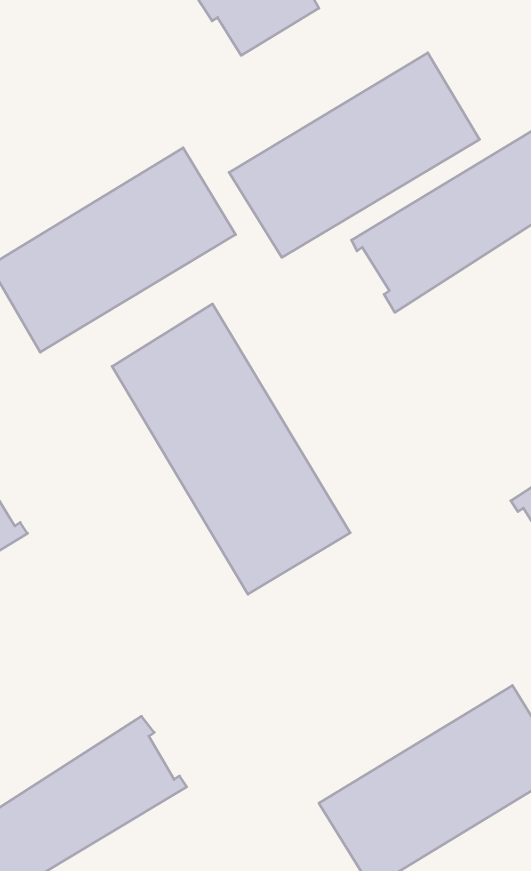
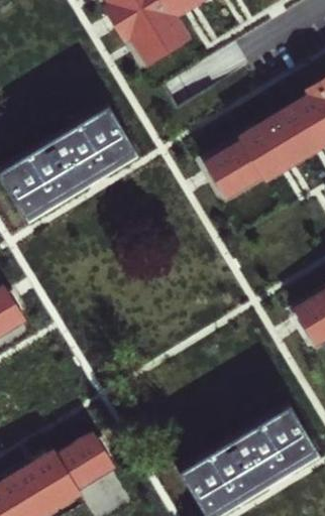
building: [229,53,480,257] -> none
building: [112,304,350,594] -> none

